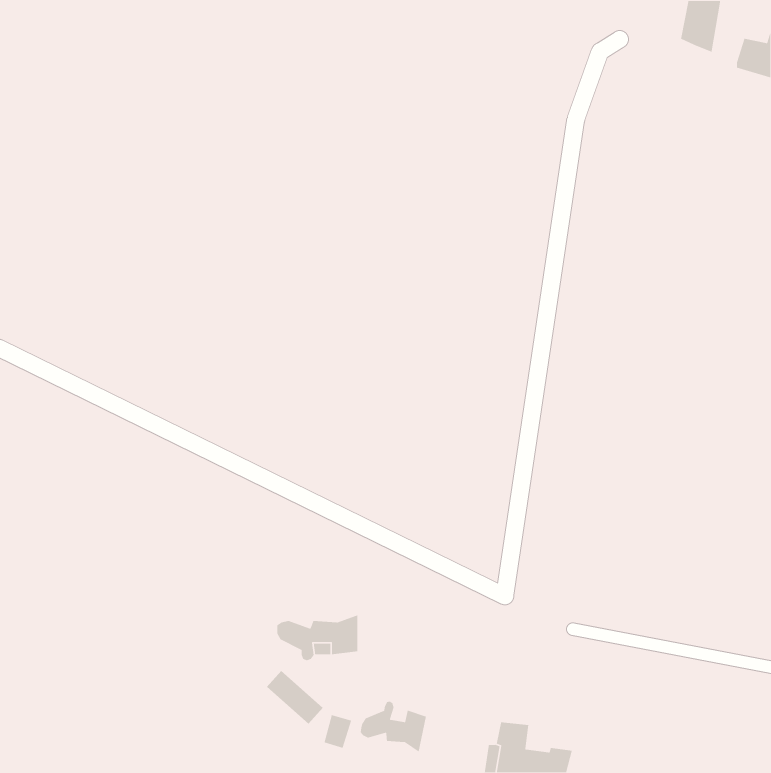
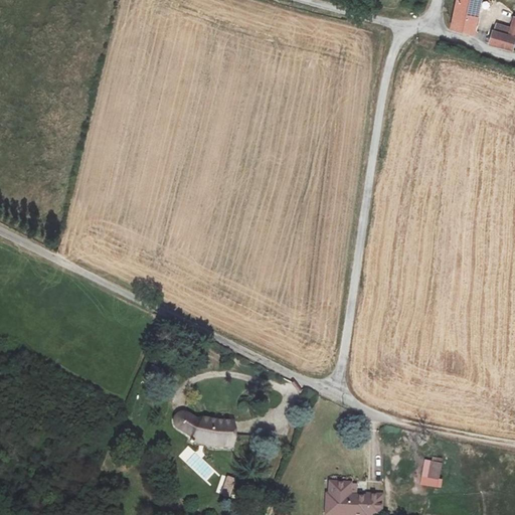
building: none -> [419,458,442,487]
building: [360,701,427,753] -> none

